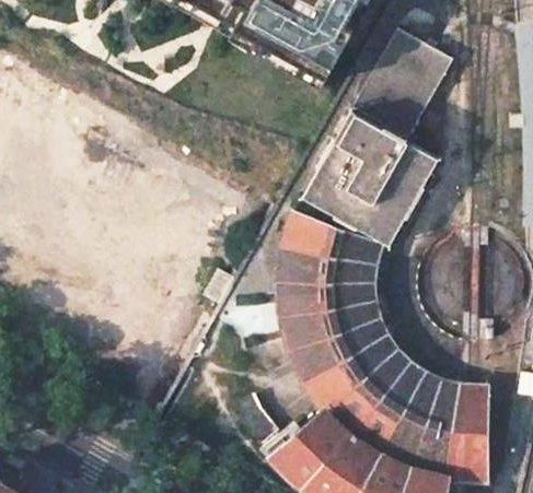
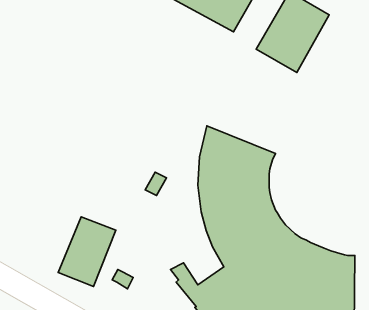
building: [304,110,439,245] -> none
building: none -> [58,217,116,286]

